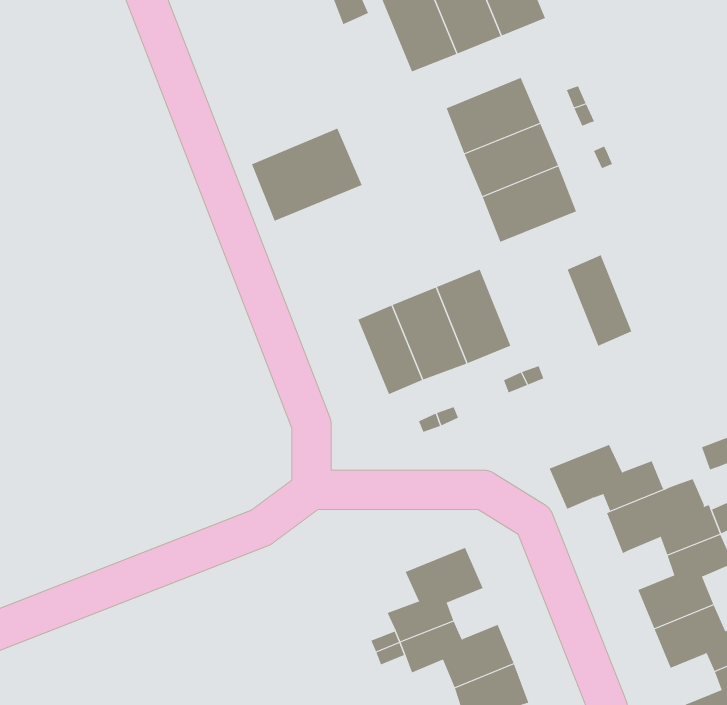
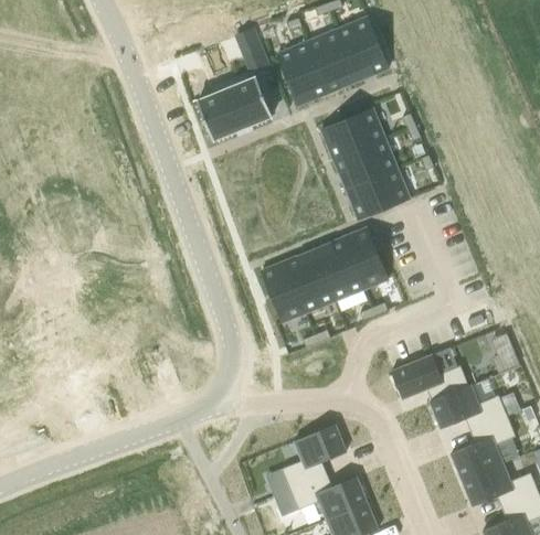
building: [251,128,363,221] -> [198,77,273,140]
building: [567,255,632,346] -> [345,227,389,289]

